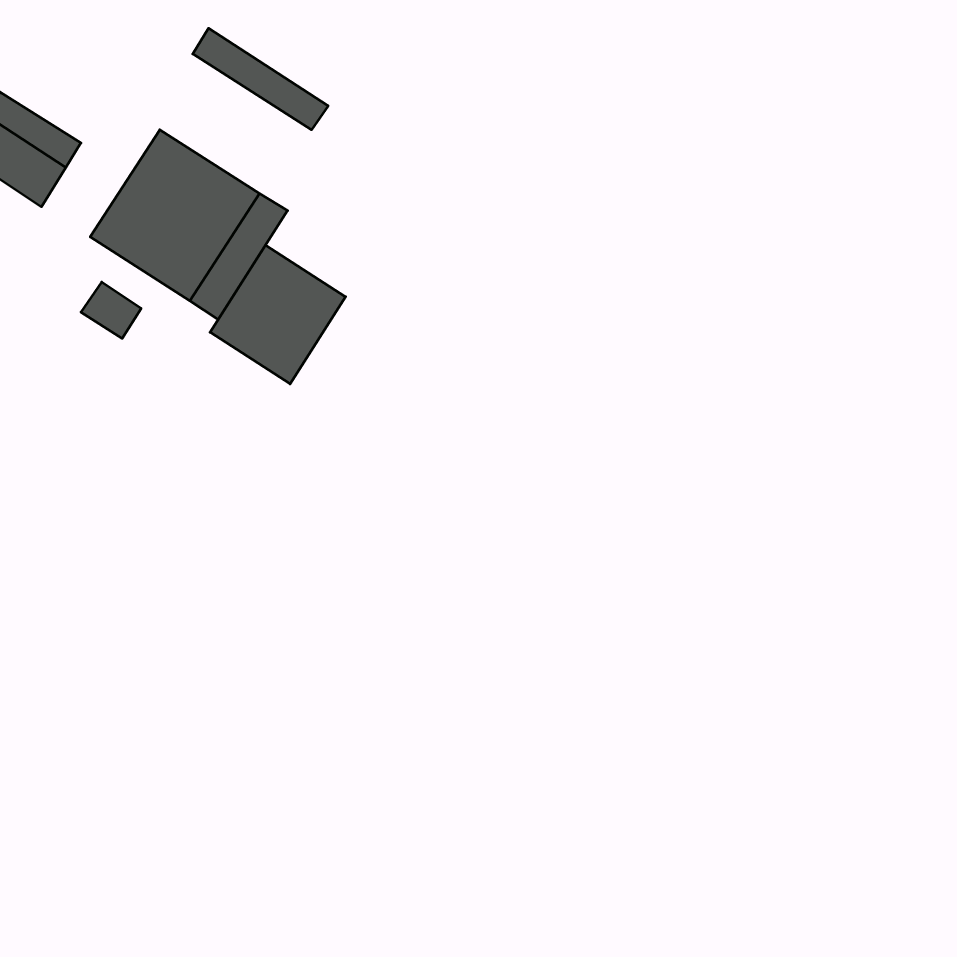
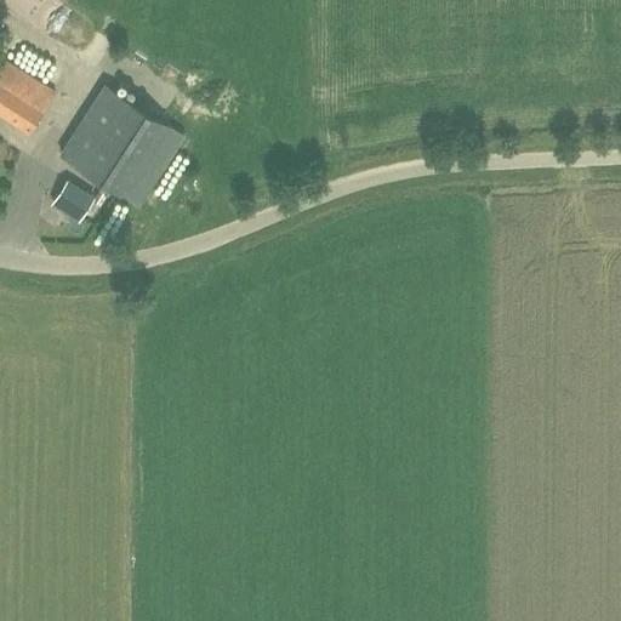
building: [193,28,328,130] -> none
building: [210,245,346,384] -> none

